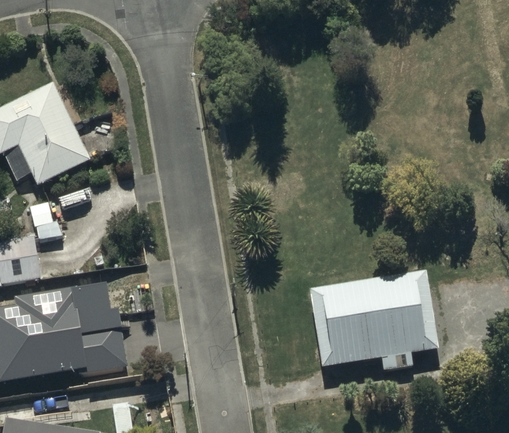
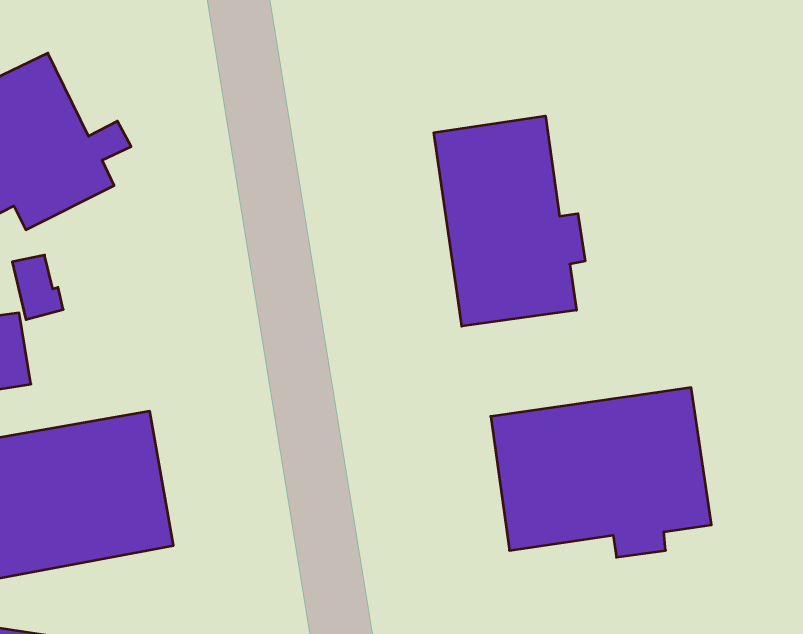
building: none -> [434,116,585,326]

